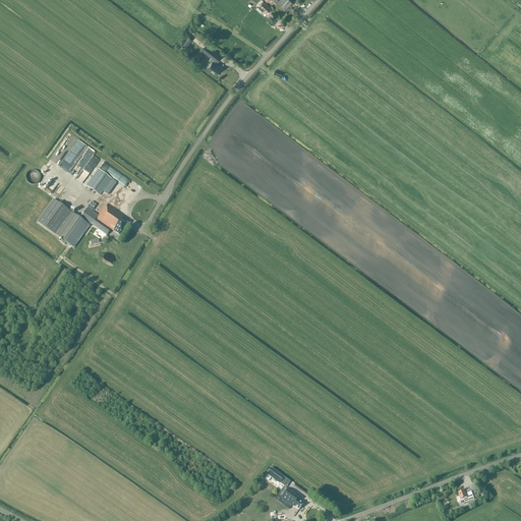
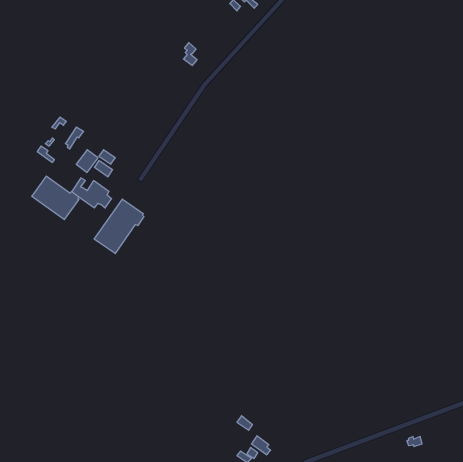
building: none -> [94,199,144,254]

